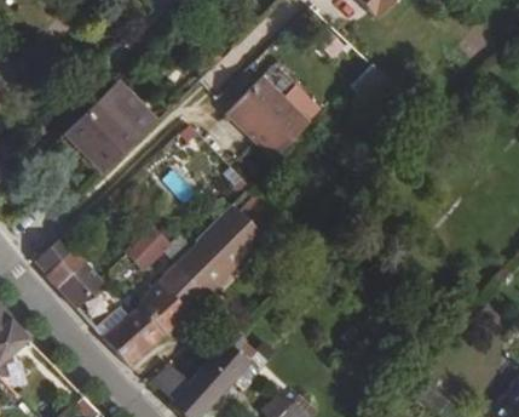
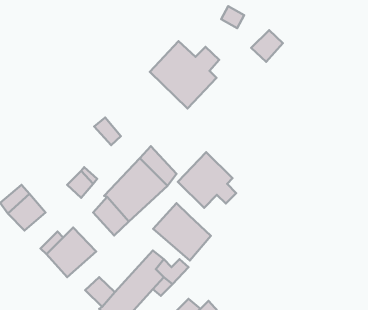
building: [64,86,150,171] -> none
building: none -> [178,152,236,208]
building: none -> [153,203,211,260]
building: [137,282,186,332] -> none

